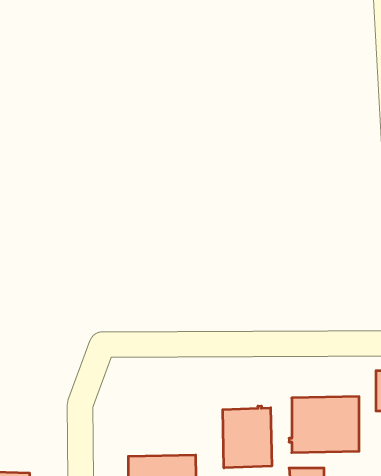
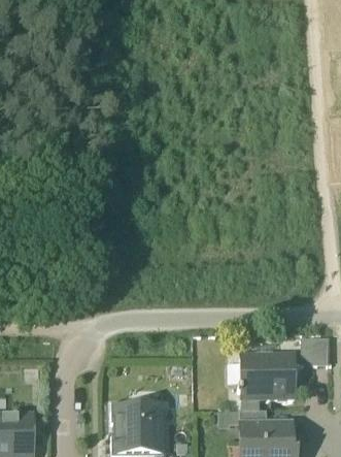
building: [223,406,272,468] -> none

